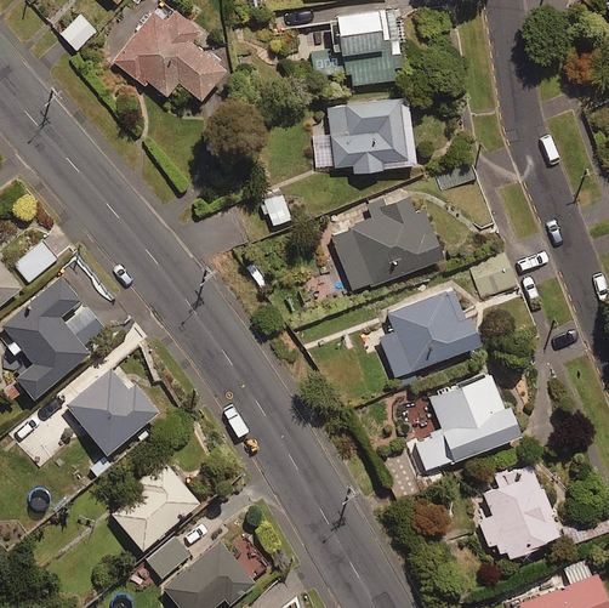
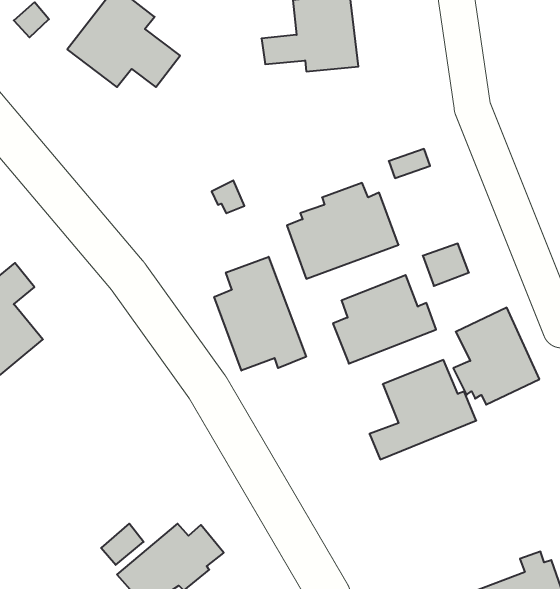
building: [312,97,416,174] -> none
building: none -> [214,257,306,371]
building: [66,365,158,455] -> none
building: [112,460,198,551] -> none
building: [476,462,562,559] -> [453,308,539,405]

